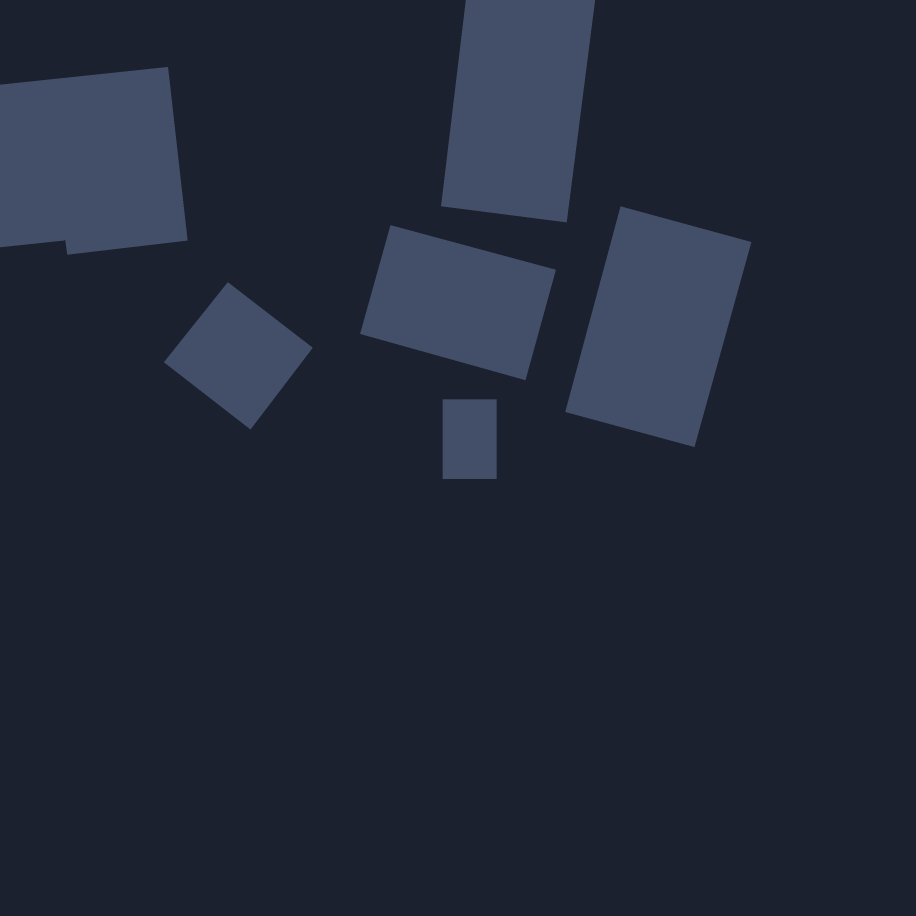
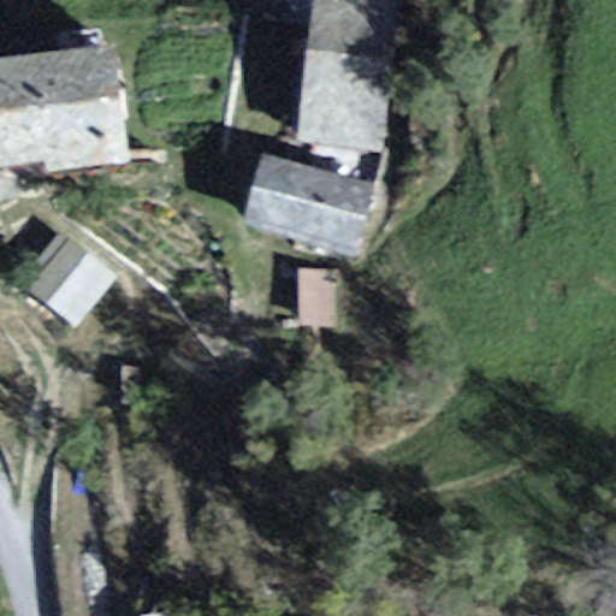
building: [564,205,752,448] -> none
building: [163,281,314,430] -> [16,230,117,330]

